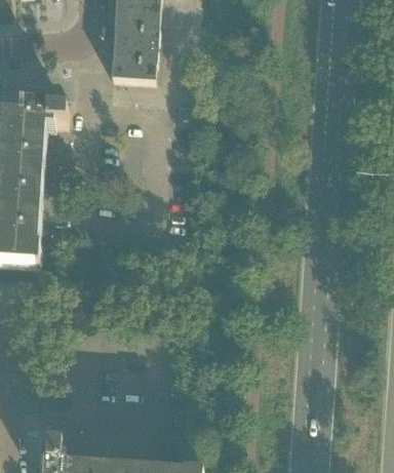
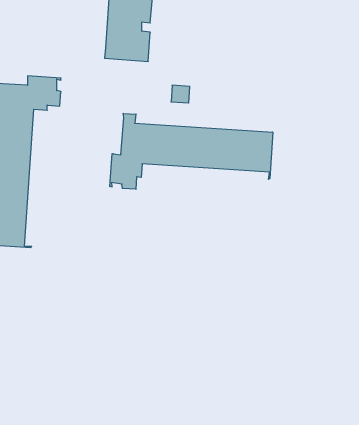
building: none -> [110,113,273,189]

